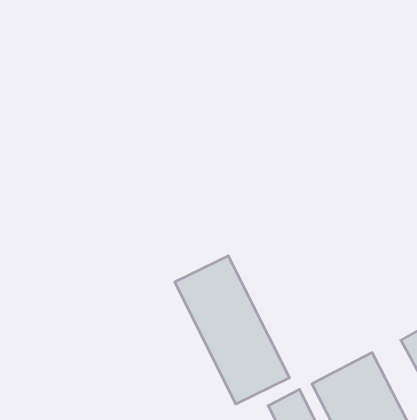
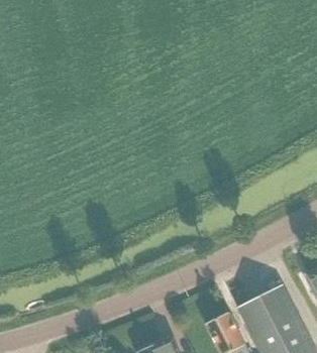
building: [175,256,289,404] -> none

